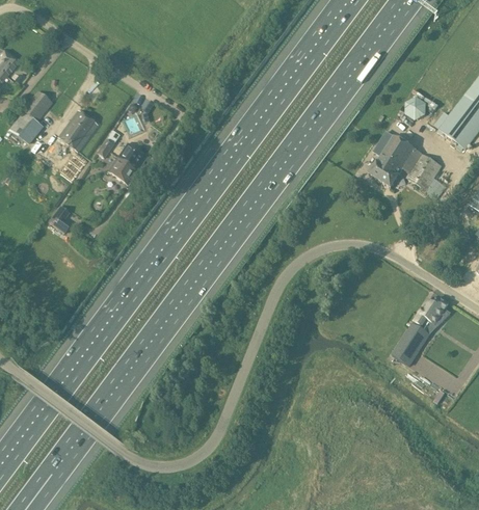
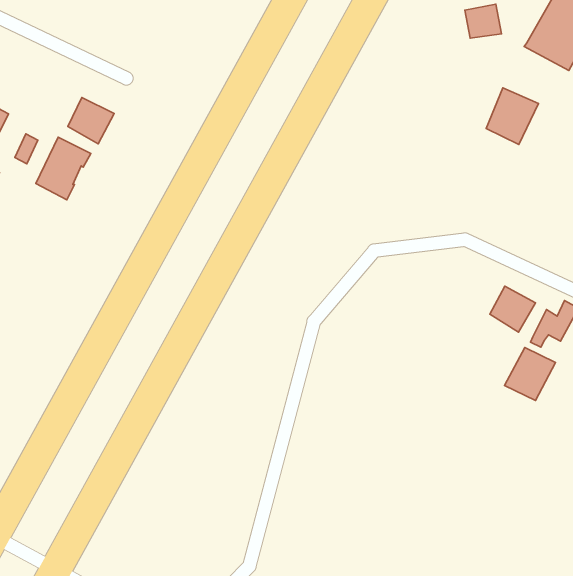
building: none -> [68,97,114,144]
building: [371,135,417,188] -> none
building: none -> [490,286,536,332]

